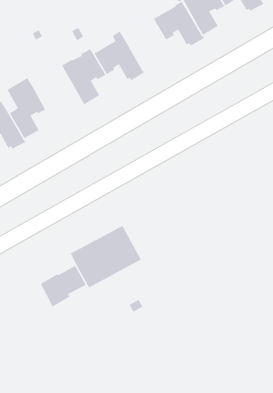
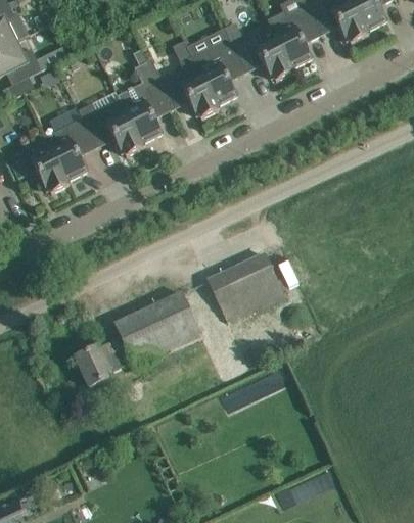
building: none -> [200,43,246,105]
building: none -> [80,100,144,155]
building: none -> [209,252,284,321]

